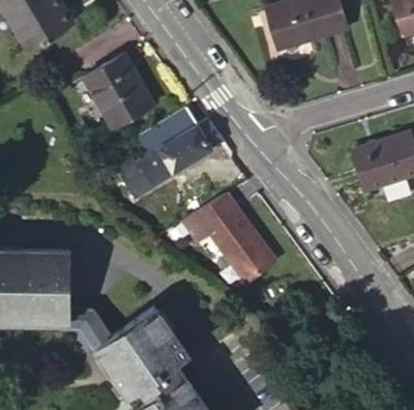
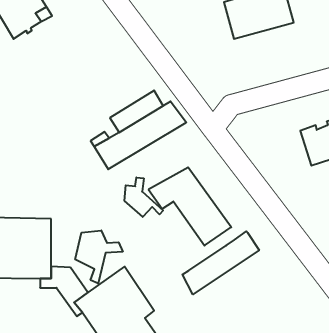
building: [85,57,151,129] -> none
building: none -> [124,177,163,217]
building: none -> [75,230,123,284]
building: none -> [182,231,259,294]

